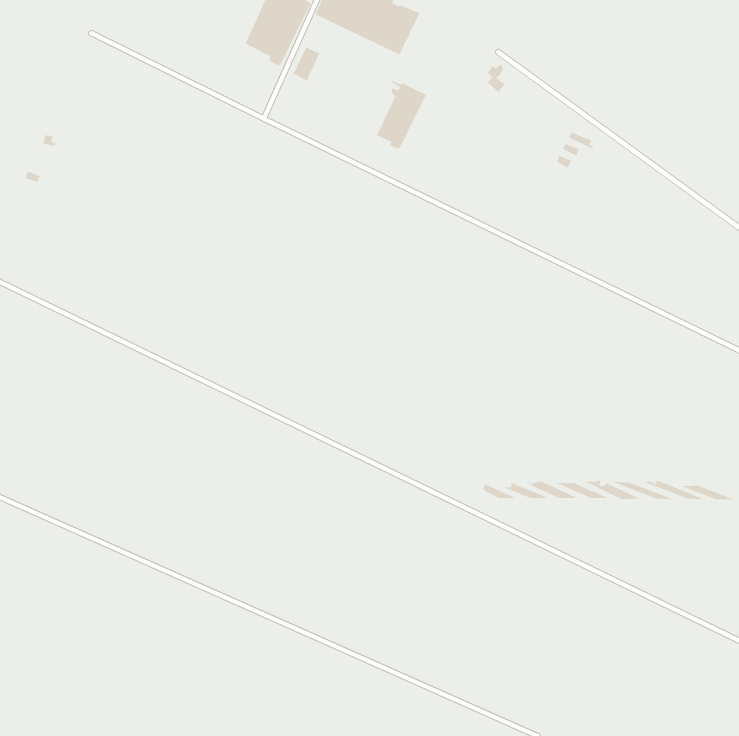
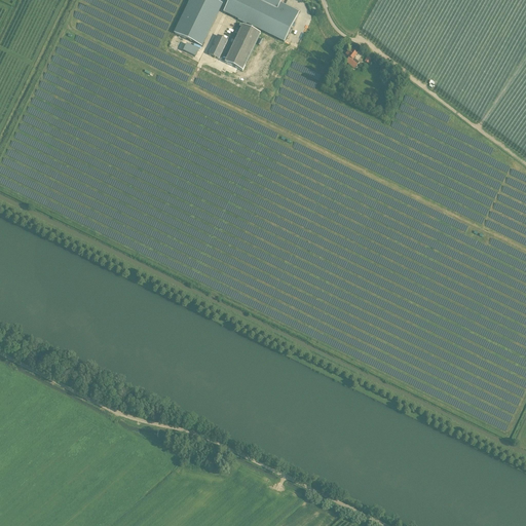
building: [376,80,427,150] -> [224,21,260,70]

